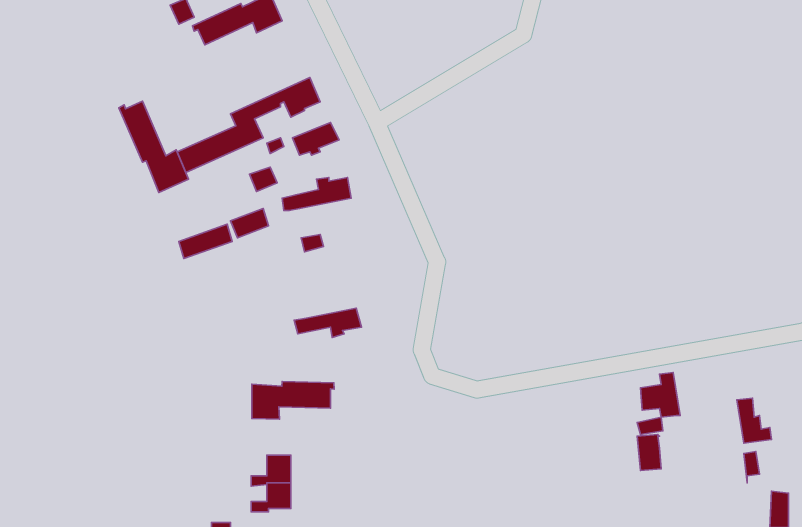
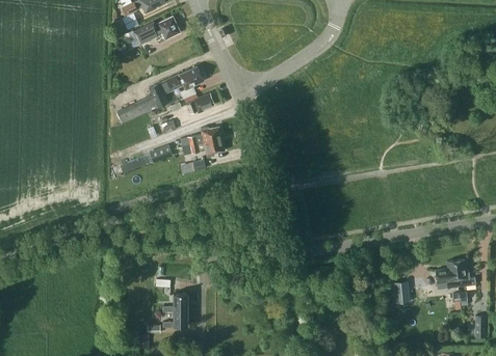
building: [119,101,189,193] -> none
building: [294,308,361,337] -> [183,139,224,157]
building: [640,372,680,417] -> [434,261,458,287]
building: [252,382,334,419] -> none

